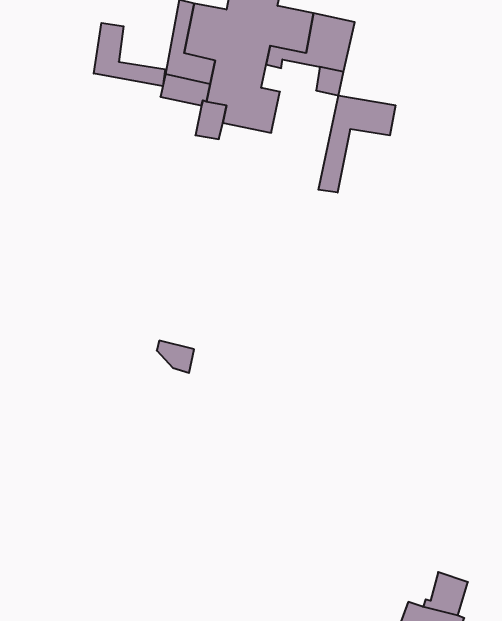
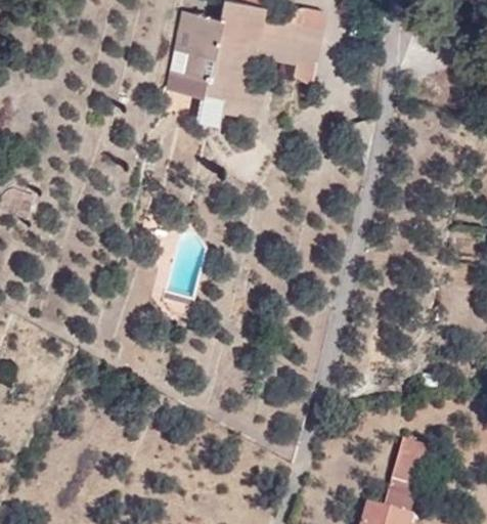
building: [94,23,165,86] -> none
building: [318,95,395,193] -> none
building: none -> [392,439,427,486]

